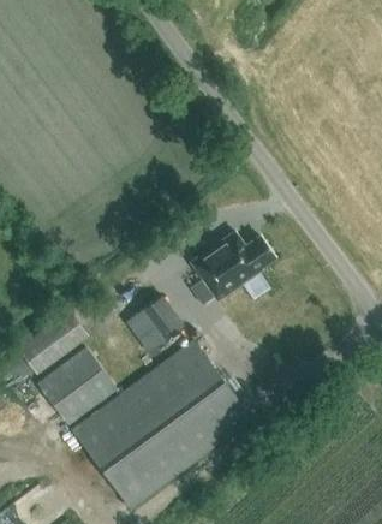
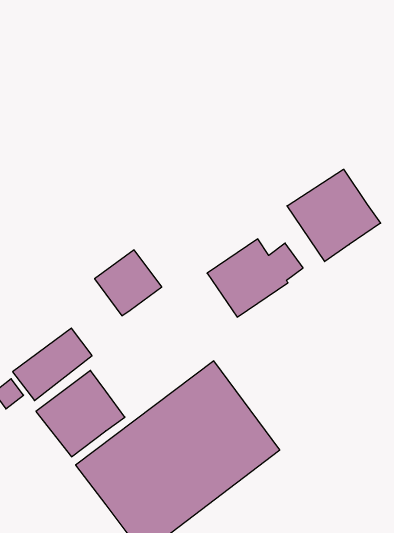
building: none -> [287,169,381,262]
building: [124,296,183,353] -> [95,250,162,316]

